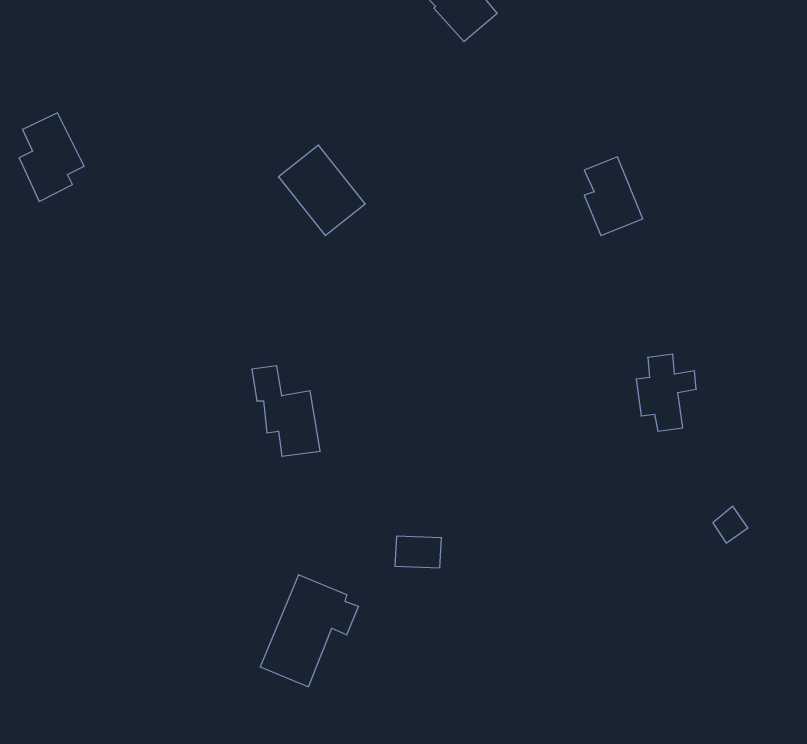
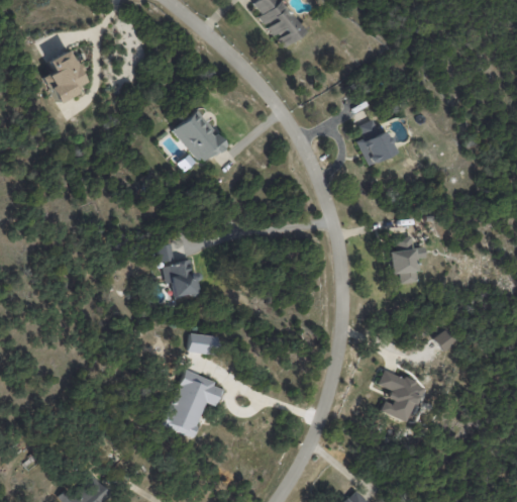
building: [19,113,84,201] -> [45,49,85,103]
building: [395,536,442,568] -> [190,334,218,354]
building: none -> [379,370,422,422]

